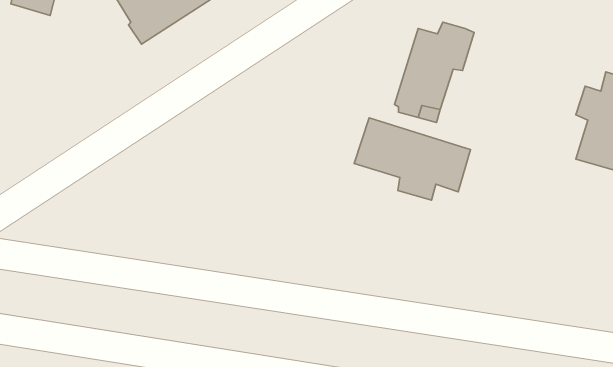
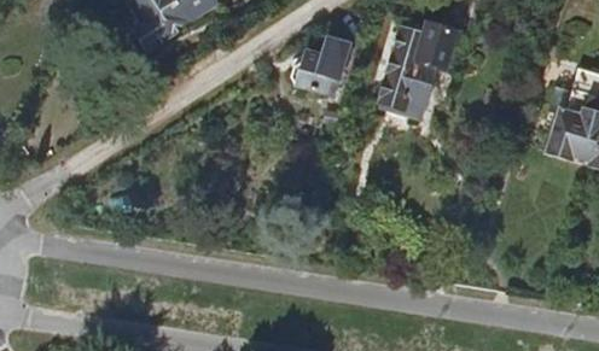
building: none -> [293,35,350,93]
building: [354,118,471,200] -> none

